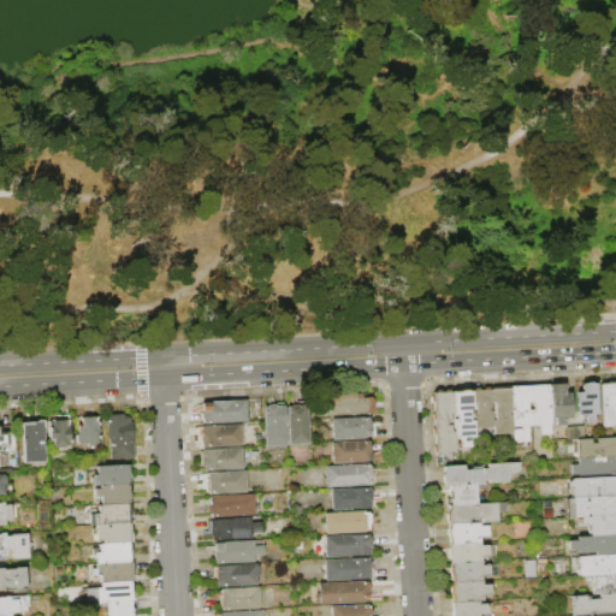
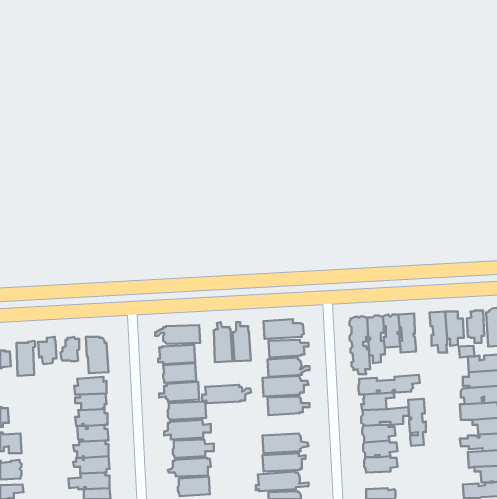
building: [513,385,534,443] -> [408,399,426,446]
building: [322,511,383,534] -> [202,385,251,403]
building: [451,581,493,603] -> none

